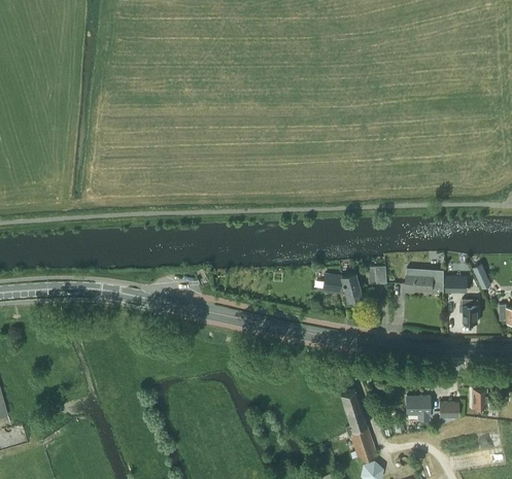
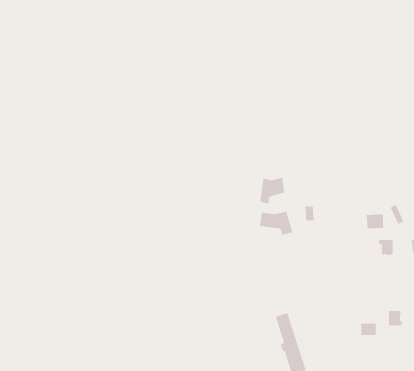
building: none -> [260,177,285,205]
building: [405,268,444,292] -> none
building: [406,396,430,418] -> none

